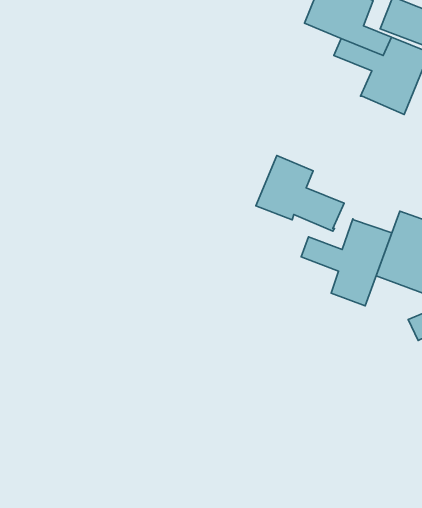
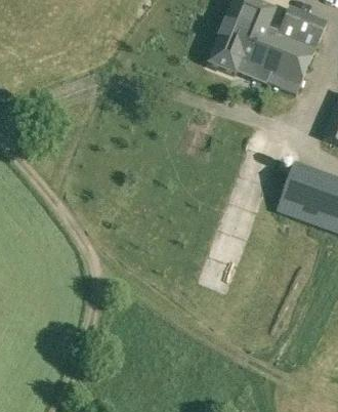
building: [256,155,344,231] -> [209,26,273,81]
building: [301,219,392,306] -> none

